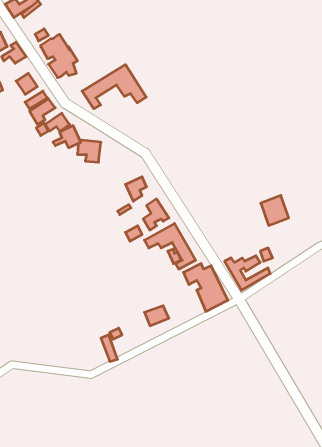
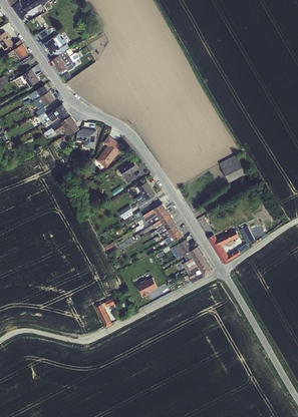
building: [82,65,146,109] -> none
building: none -> [96,135,123,168]
building: [261,195,289,225] -> [219,155,244,182]

